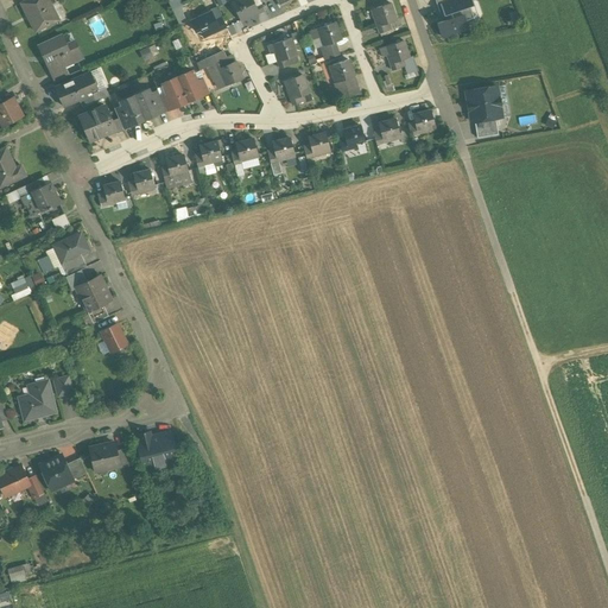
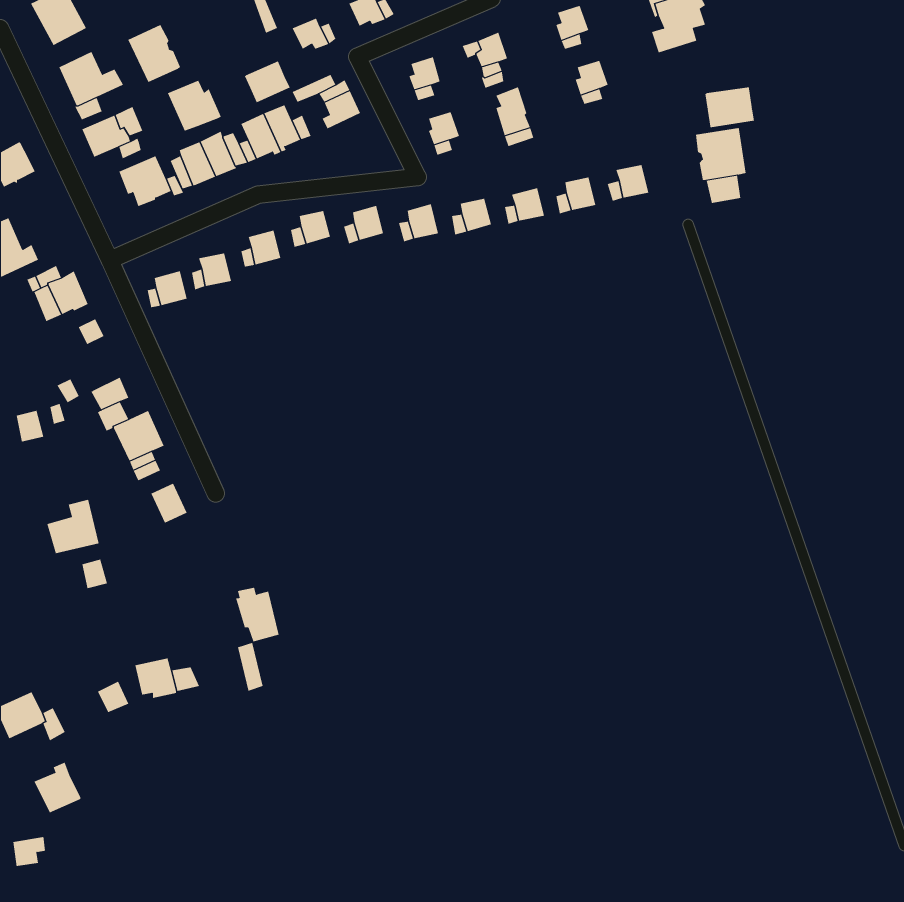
building: none -> [128,24,181,83]
building: none -> [244,61,290,103]
building: none -> [167,80,221,132]
building: none -> [705,86,755,128]
building: [55,233,88,262] -> none
building: [19,381,55,418] -> [46,499,100,554]
building: [137,432,166,469] -> [235,587,280,642]
building: [40,455,72,489] -> [33,762,81,813]

